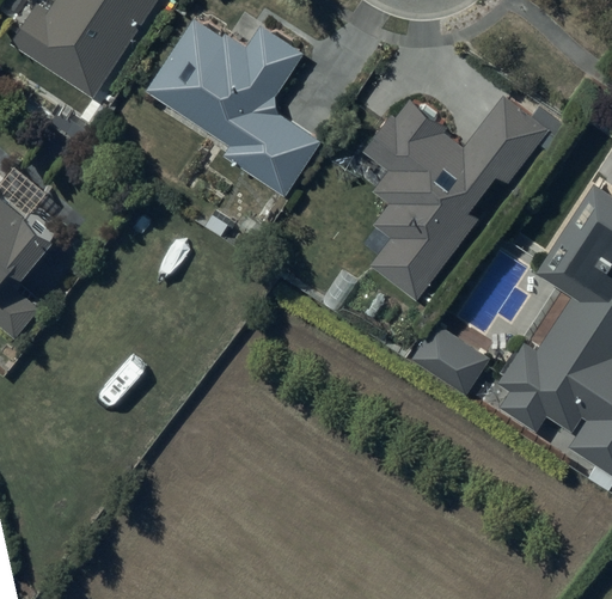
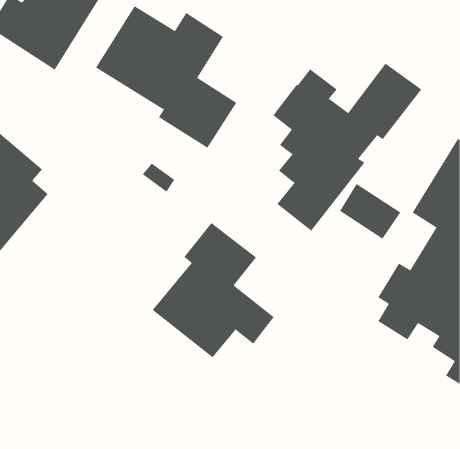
building: none -> [152,222,274,358]
building: [412,322,490,392] -> [339,183,401,239]

